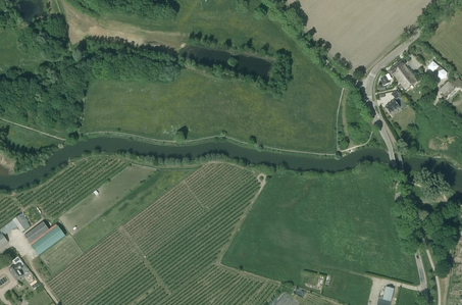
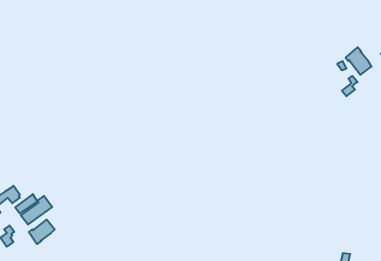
building: none -> [29,220,55,244]

